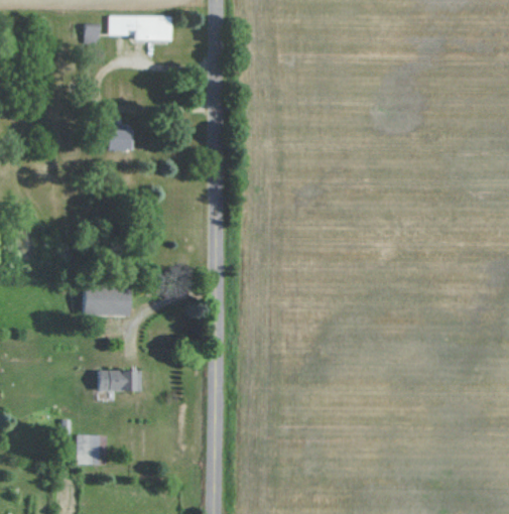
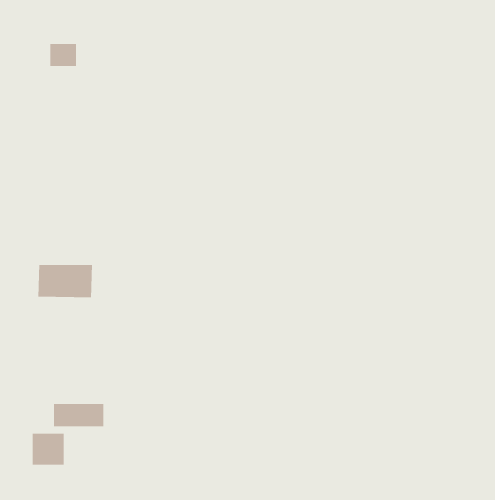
building: [107,130,131,151] -> [50,43,77,67]
building: [97,371,142,392] -> [53,403,104,427]

